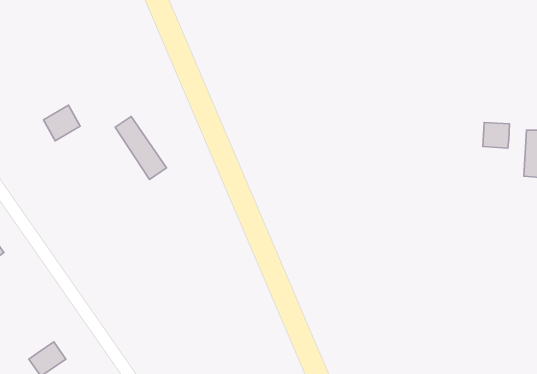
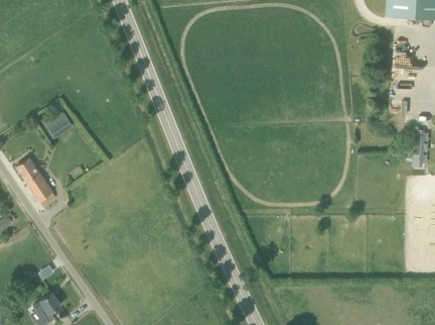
building: [115,117,167,180] -> [16,157,55,206]
building: [483,122,509,148] -> none

